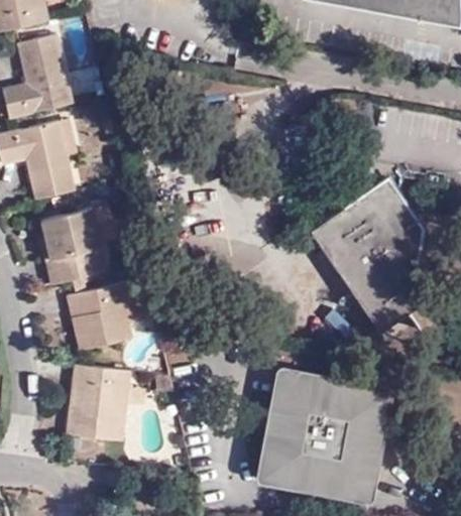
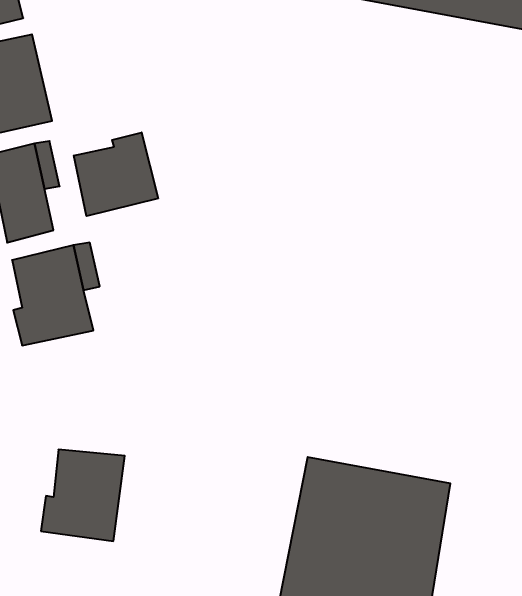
building: none -> [74,132,158,216]
building: [307,181,422,337] -> none
building: [69,279,126,347] -> none

